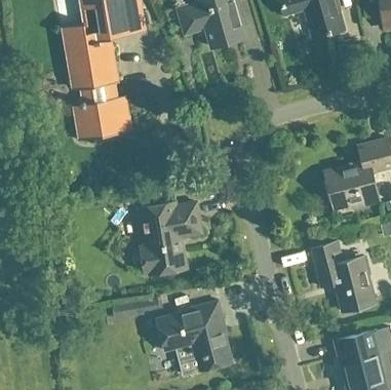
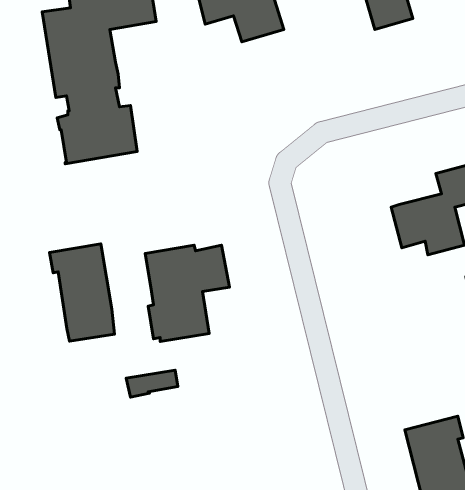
building: none -> [49,244,114,341]
building: [311,242,374,309] -> none
building: [156,300,232,373] -> none

